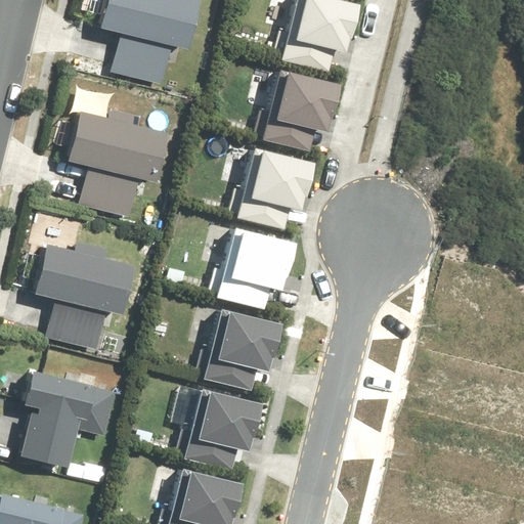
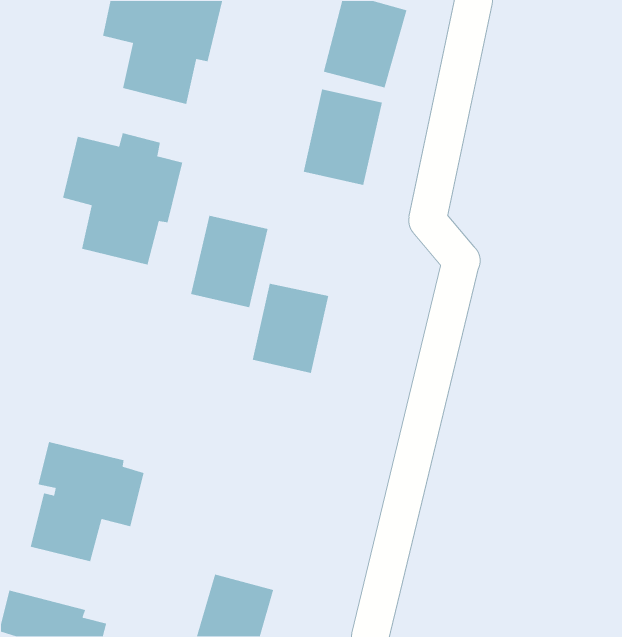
building: [236,151,301,228] -> [190,215,269,308]
building: [53,236,156,348] -> none
building: [207,313,267,387] -> none
building: [191,389,259,464] -> none

